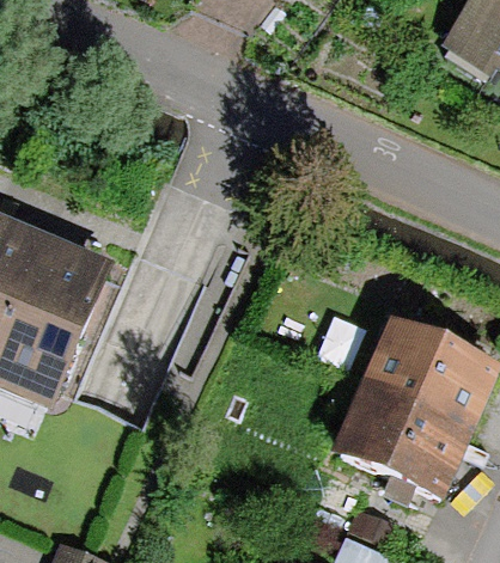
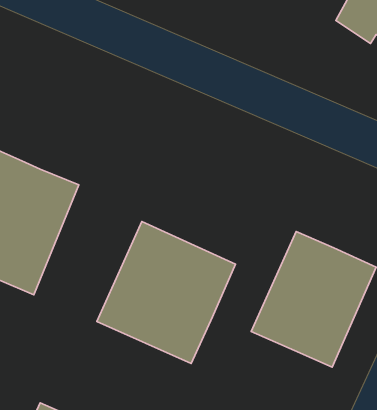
building: none -> [97,222,236,363]

